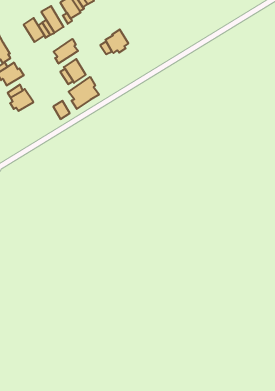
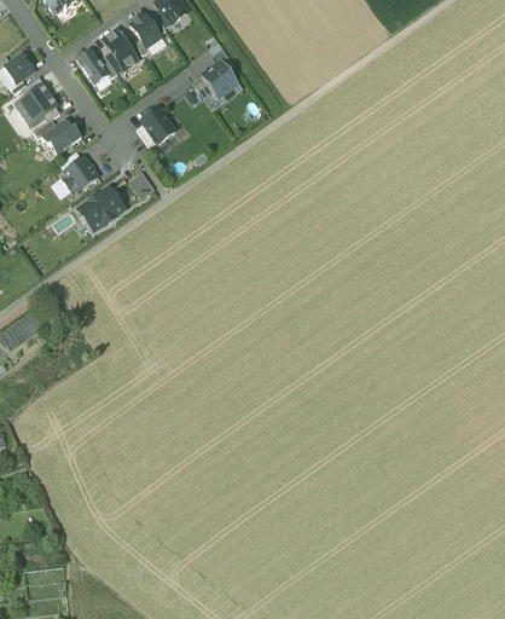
building: [54,39,78,64] -> none
building: [69,77,99,109] -> none
building: none -> [79,186,123,228]

